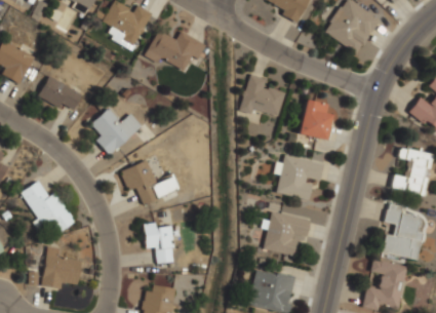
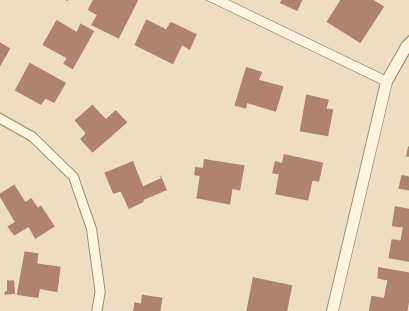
building: none -> [41,19,95,71]
building: [262,212,310,256] -> [193,159,245,205]
building: [143,223,182,264] -> none

